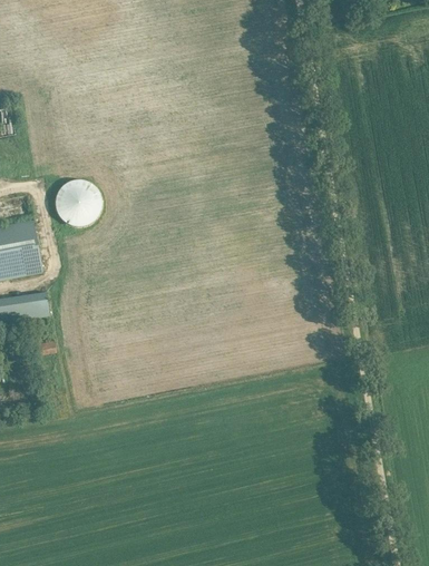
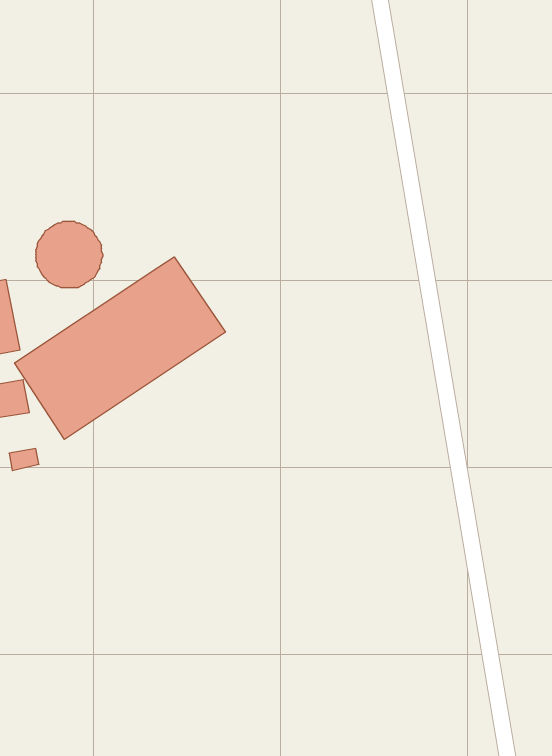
building: none -> [15,257,225,439]

